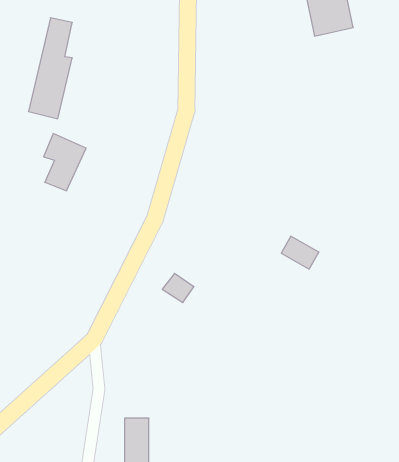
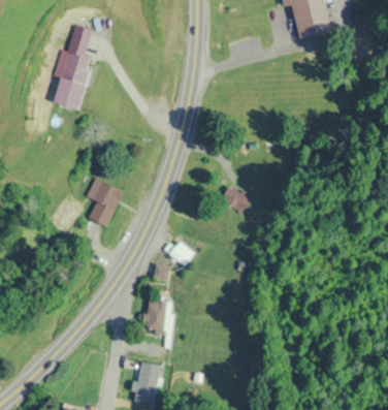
building: [44,134,86,191] -> [87,178,123,226]
building: [281,236,319,269] -> [220,186,252,214]
building: none -> [146,301,167,332]

